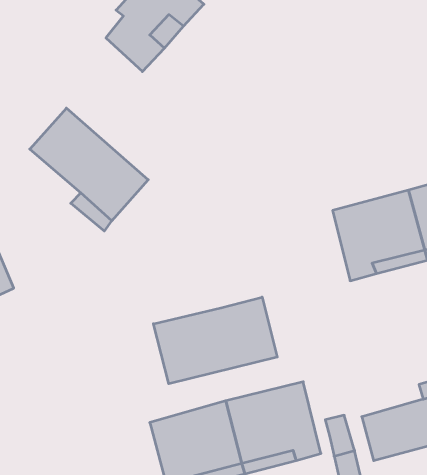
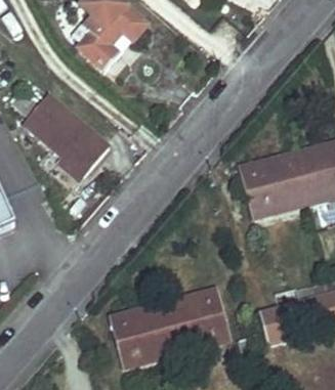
building: [153,297,277,384] -> none

